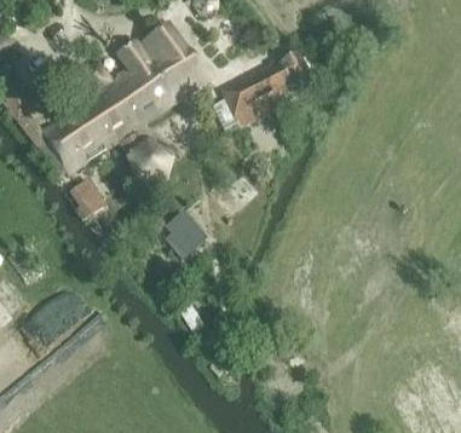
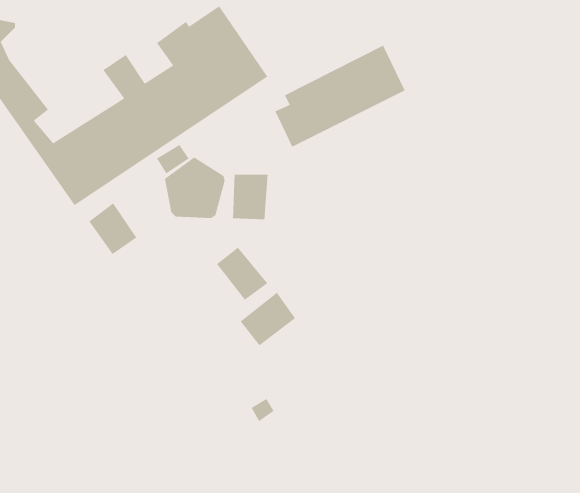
building: none -> [232,174,268,220]
building: none -> [240,292,296,346]

